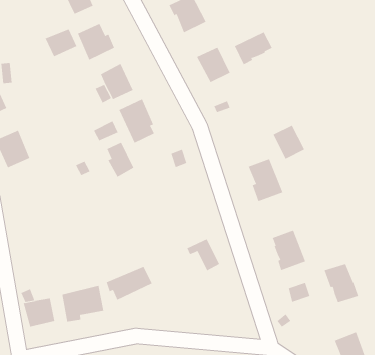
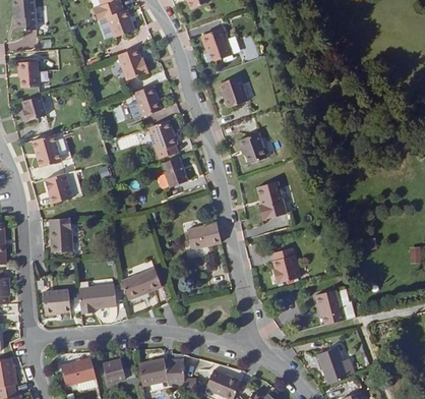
building: [45,28,77,57] -> none
building: [234,31,272,65] -> none
building: [273,125,305,159] -> [242,131,269,162]
building: [106,142,134,177] -> [163,154,186,185]
building: none -> [43,173,72,204]
building: none -> [187,220,221,246]
building: none -> [51,217,73,249]

